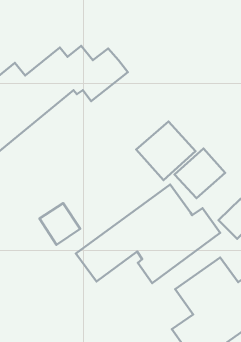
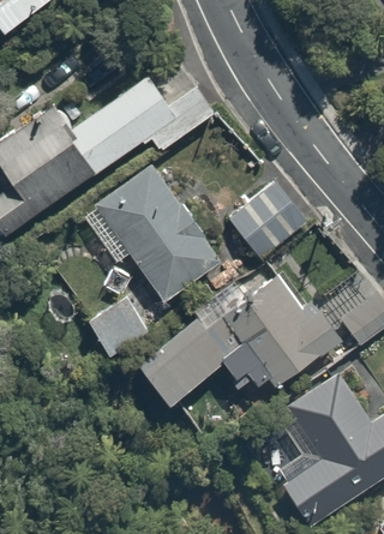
building: none -> [85,167,221,296]
building: [175,148,225,198] -> none

